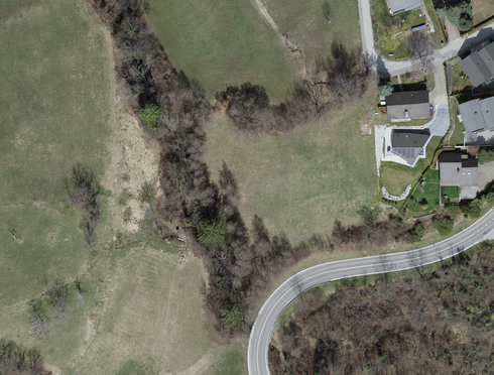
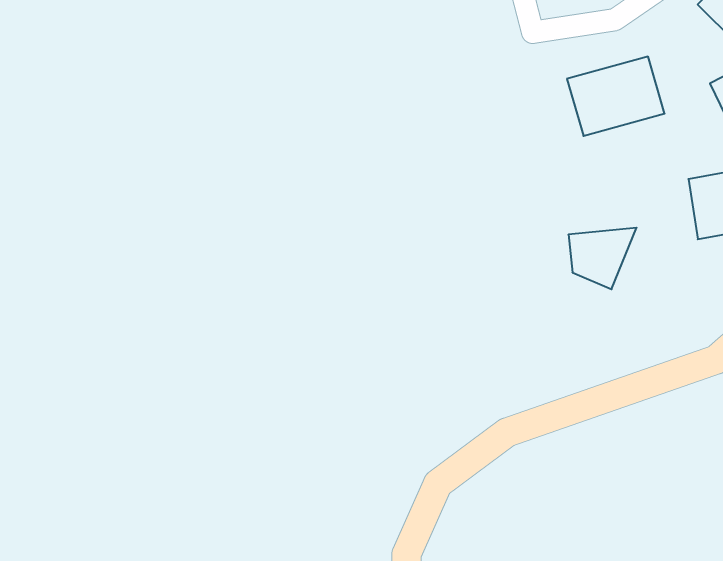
building: [392,131,429,163] -> [568,228,637,289]

